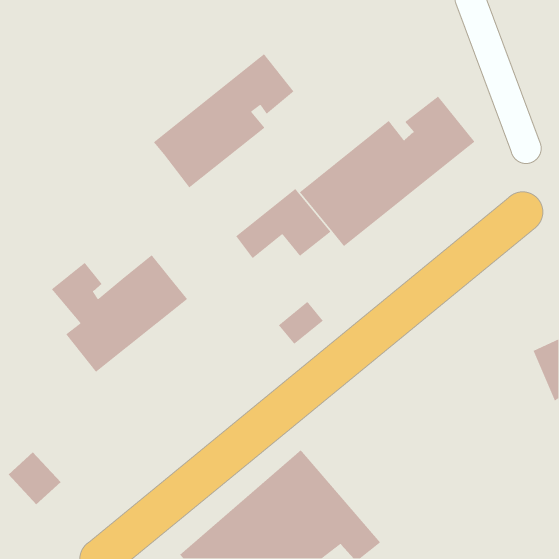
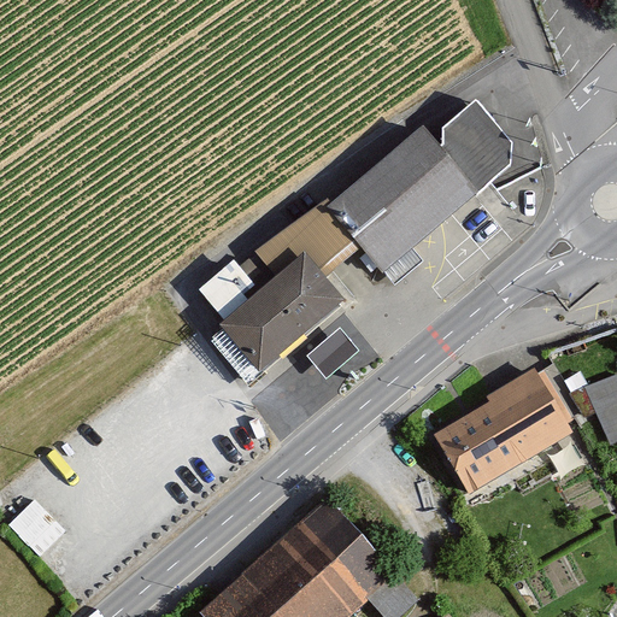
building: [153,53,295,188] -> none
building: [51,254,188,373] -> [199,258,349,388]
building: none -> [431,371,570,495]

